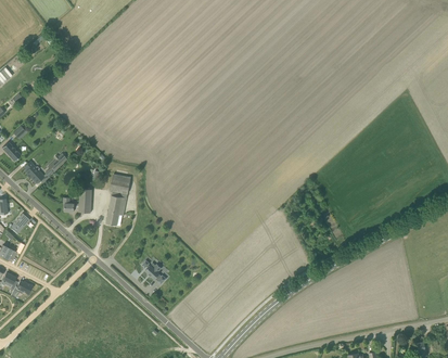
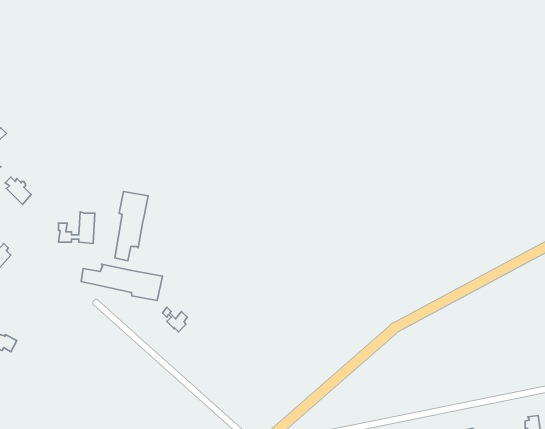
building: none -> [81,264,162,301]

